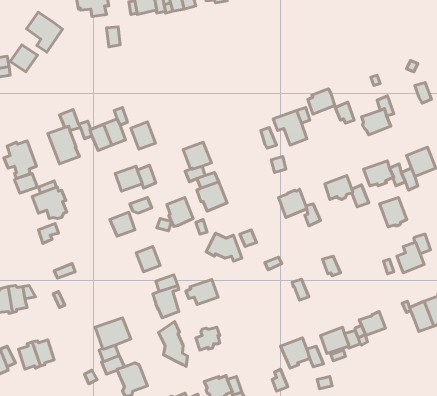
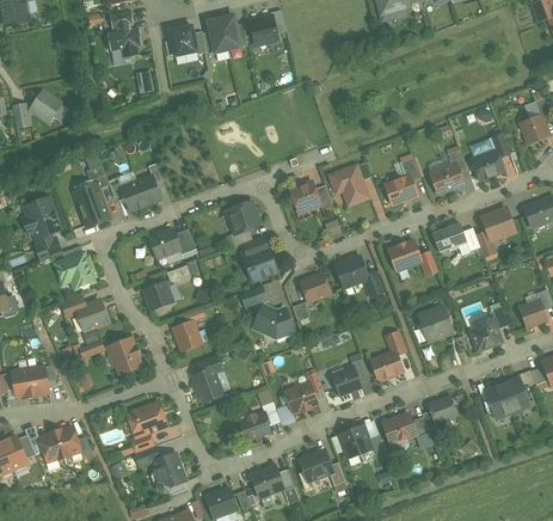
building: [26,12,63,52] -> none
building: [308,89,335,114] -> [386,174,417,203]
building: none -> [472,149,504,179]
building: [131,122,156,149] -> none
building: none -> [290,180,320,209]
building: [380,198,407,227] -> [420,306,451,339]
building: [167,198,193,227] -> none
building: none -> [300,272,330,300]
building: none -> [75,299,109,330]
building: none -> [110,337,142,373]
building: none -> [370,350,403,379]
building: [186,280,218,305] -> [279,382,317,411]
building: none -> [332,366,361,394]
building: [159,322,188,366] -> none
building: none -> [300,450,333,479]

